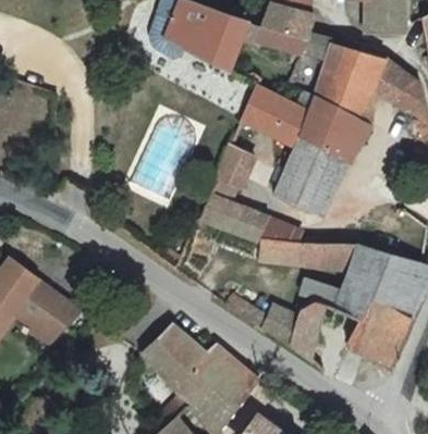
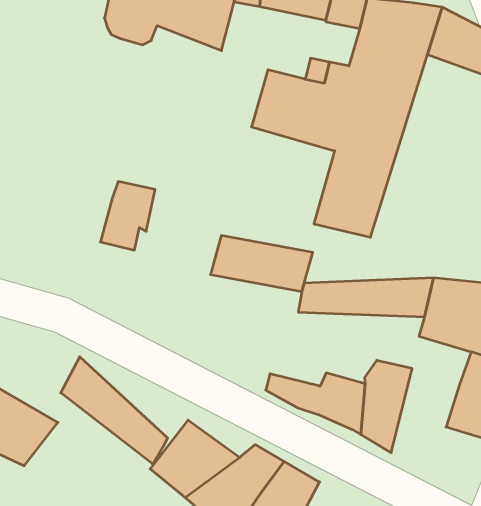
building: [212,149,255,198] -> [100,182,155,250]
building: none -> [61,357,168,464]
building: [294,275,374,321] -> none

